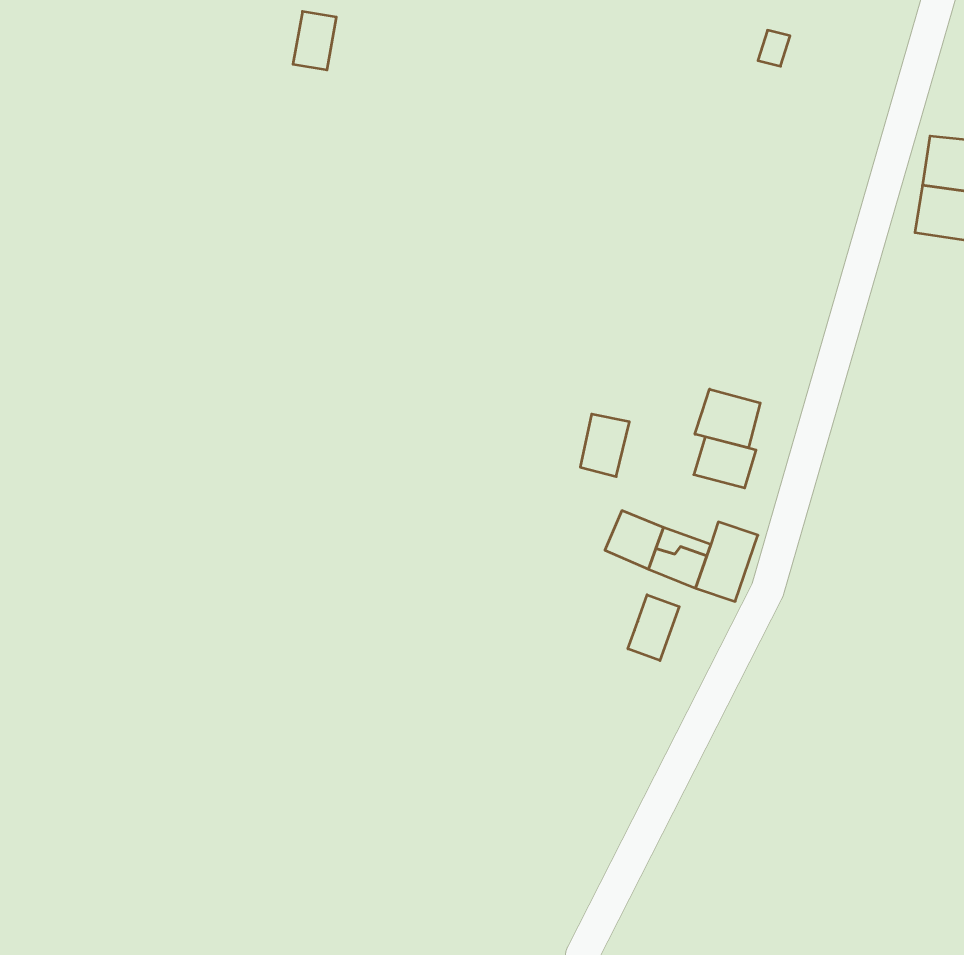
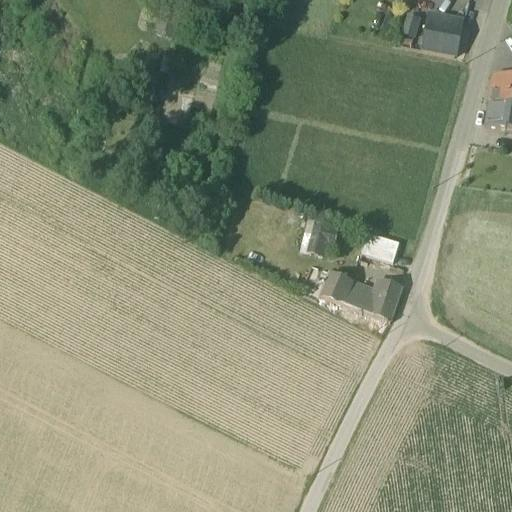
building: none -> [423,14,461,55]
building: [695,389,760,448] -> none
building: [628,595,679,661] -> none

